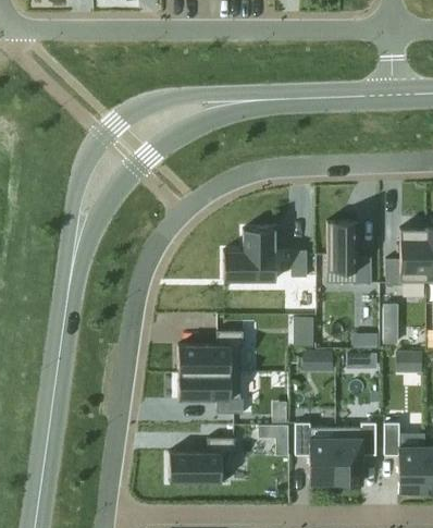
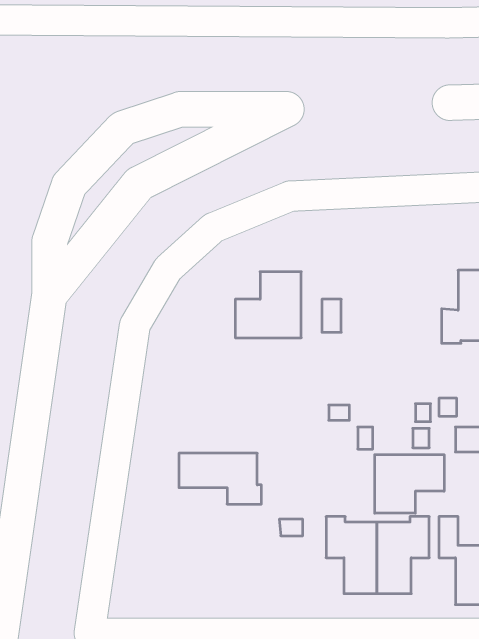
building: [329,222,372,284] -> none
building: [180,331,244,373] -> none
building: none -> [375,455,444,513]
building: [170,439,235,483] -> none

